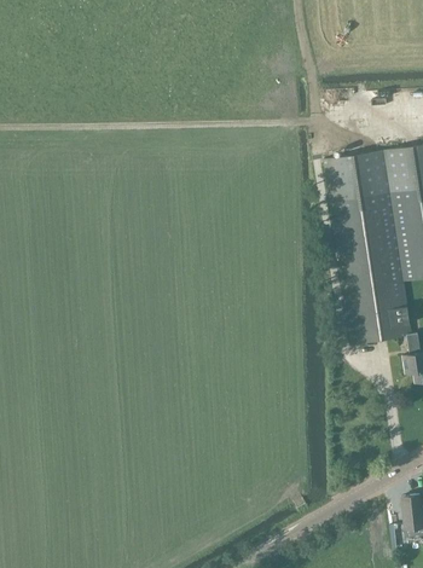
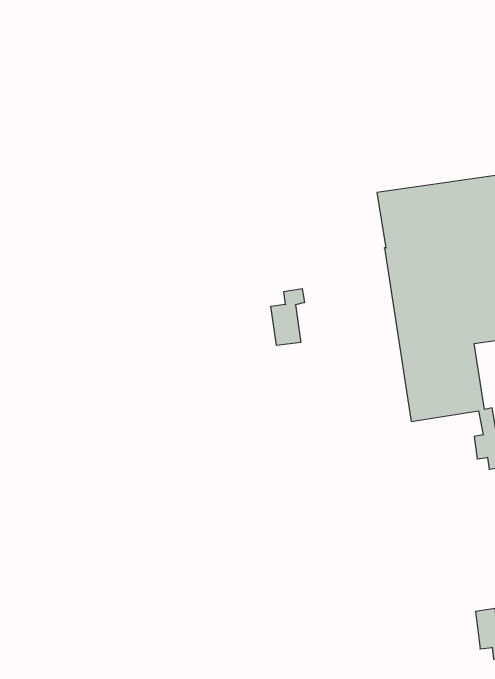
building: none -> [271,289,304,345]

